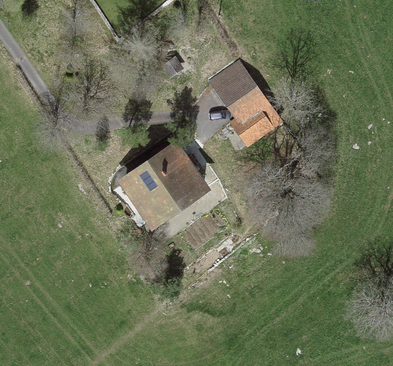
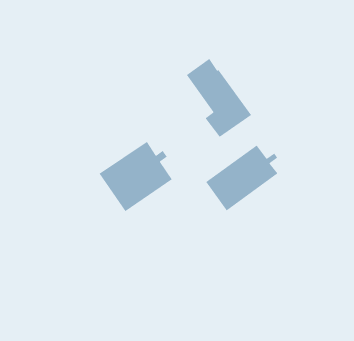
building: none -> [205,145,279,211]

